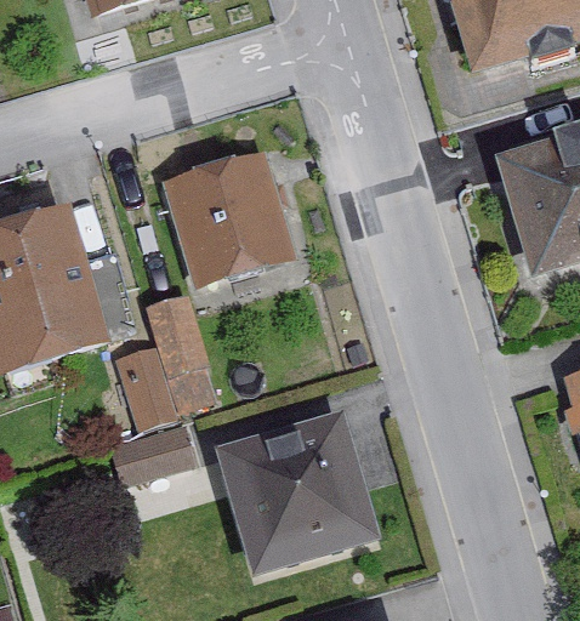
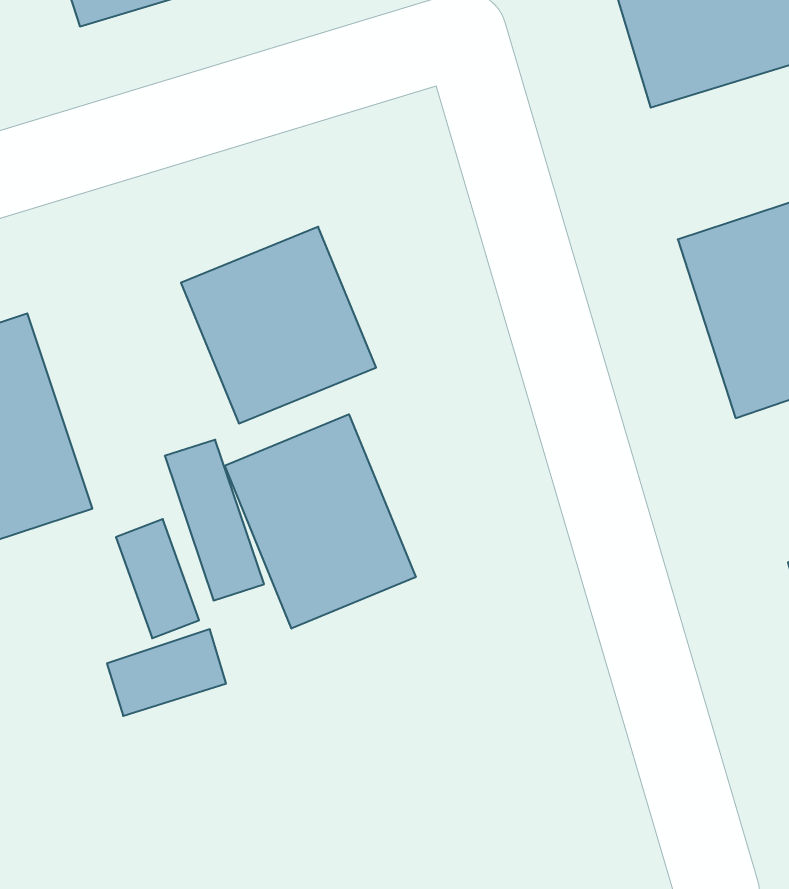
building: none -> [225,414,416,629]
building: [216,415,376,575] -> none

